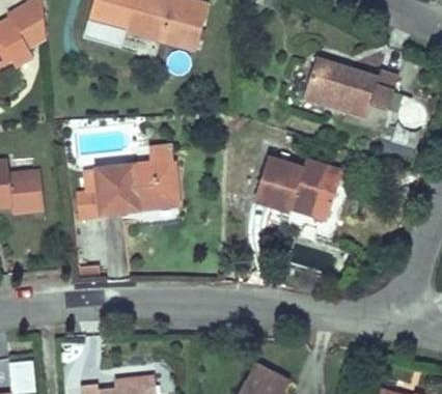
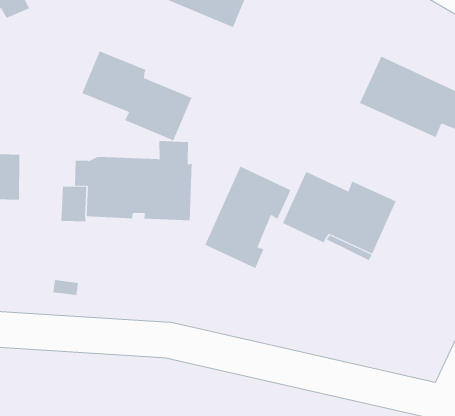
building: none -> [82,51,192,141]
building: none -> [204,166,291,269]

